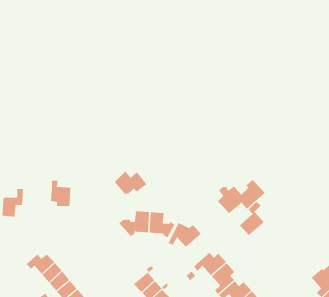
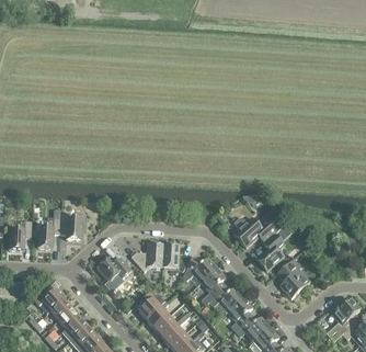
building: [114,171,148,196] -> [96,256,131,282]
building: none -> [37,217,60,248]
building: none -> [279,258,310,298]
building: none -> [201,268,226,305]
building: none -> [135,292,164,320]

